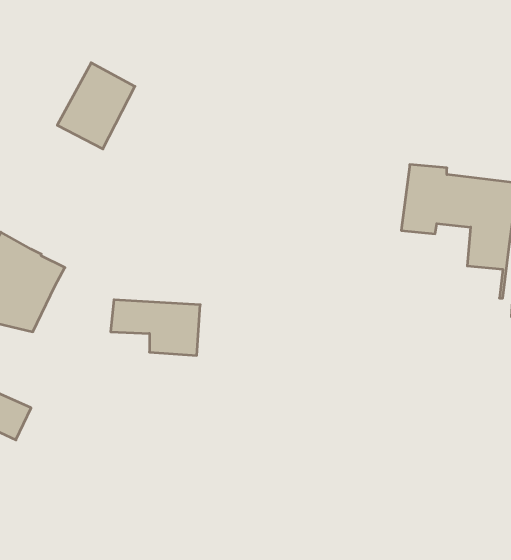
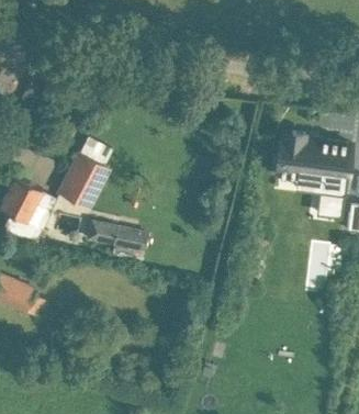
building: [57,63,135,149] -> [56,153,106,209]

